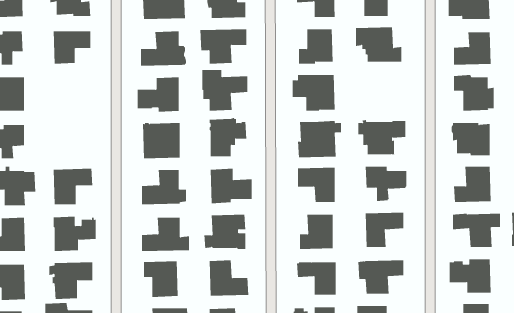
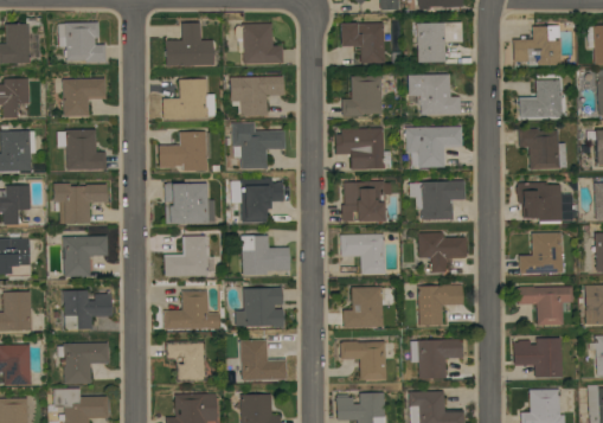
building: none -> [406,126,463,167]
building: none -> [57,129,107,169]
building: none -> [53,182,108,223]

